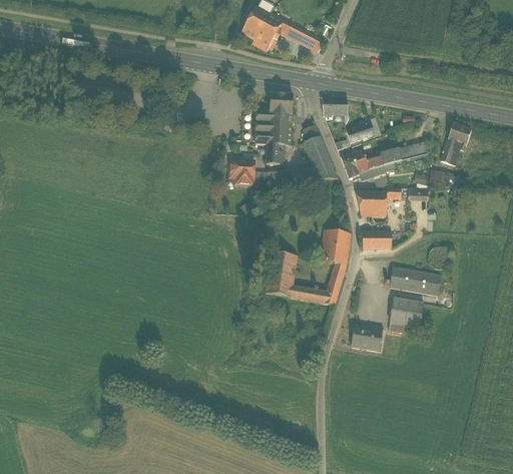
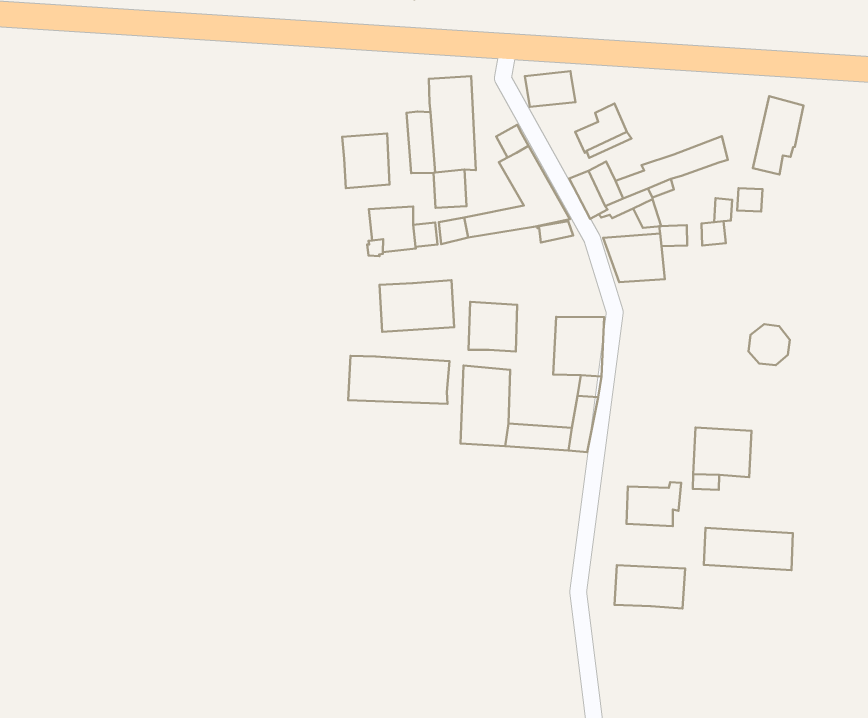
building: none -> [342,133,390,188]
building: none -> [380,280,454,332]
building: none -> [469,302,517,351]
building: [362,230,392,251] -> none
building: none -> [348,356,450,404]
building: [390,267,440,295] -> [704,528,793,570]
building: none -> [614,565,685,608]

